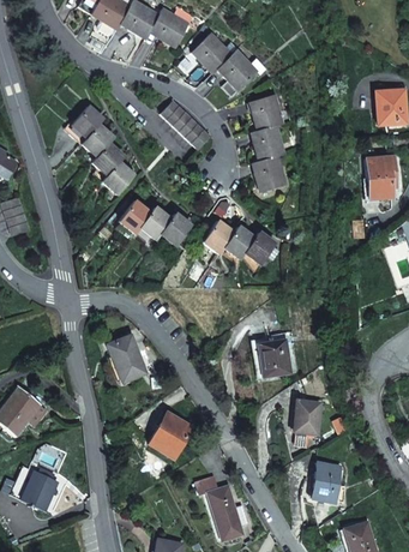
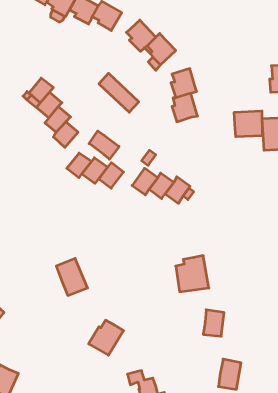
building: none -> [234,111,262,137]
building: [254,156,287,192] -> none
building: none -> [89,131,119,159]

